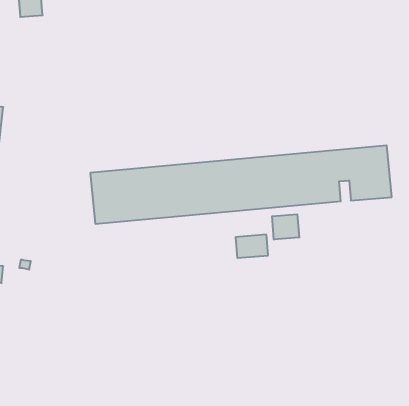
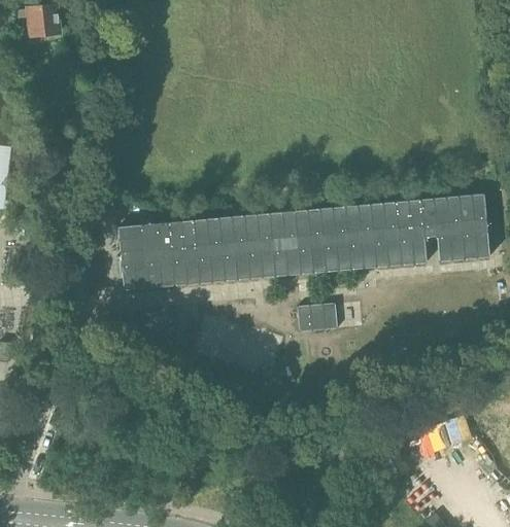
building: [272,214,299,240] -> none

